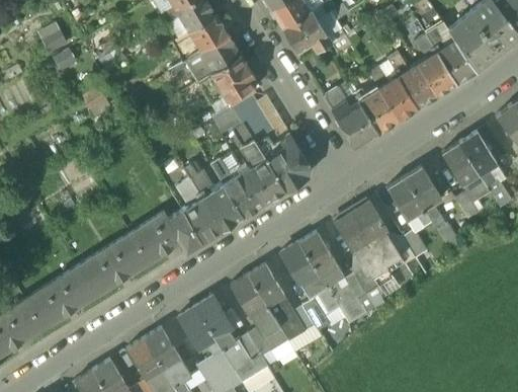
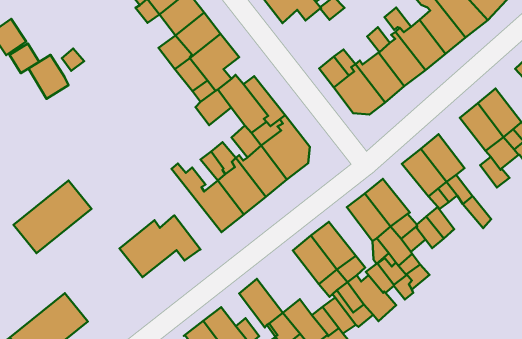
building: none -> [29,55,68,99]
building: [177,169,222,243] -> none
building: [78,234,148,295] -> [14,180,91,253]
building: [248,263,285,307] -> none

